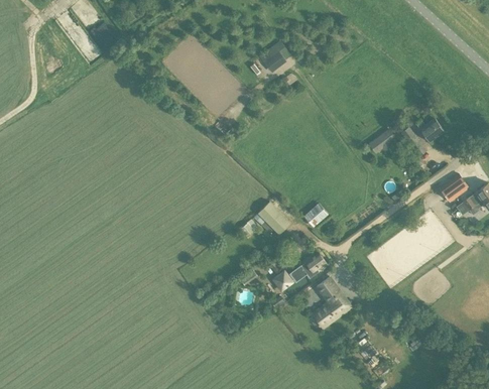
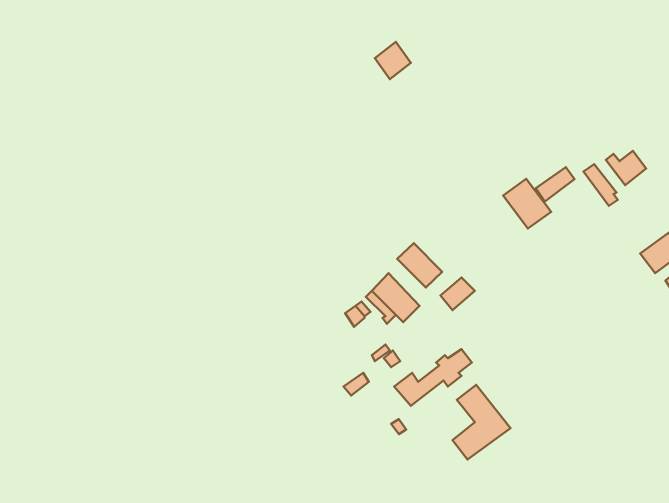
building: none -> [503,179,551,228]
building: none -> [397,243,442,287]

